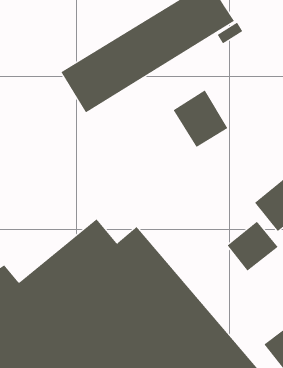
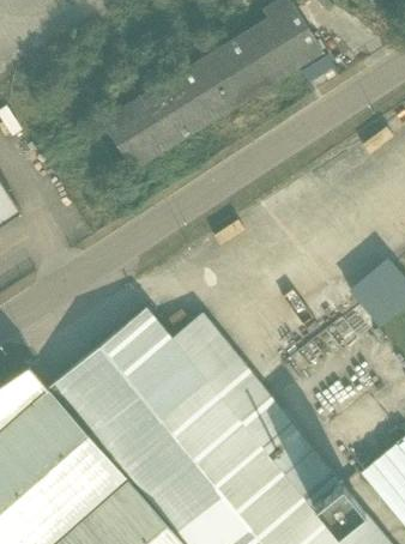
building: [173,90,228,148] -> none
building: [227,221,279,271] -> none

